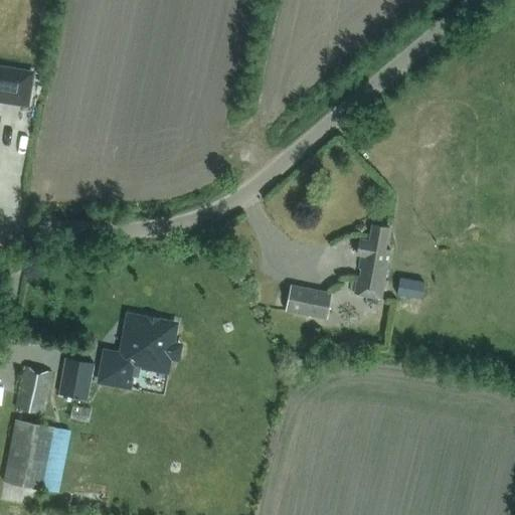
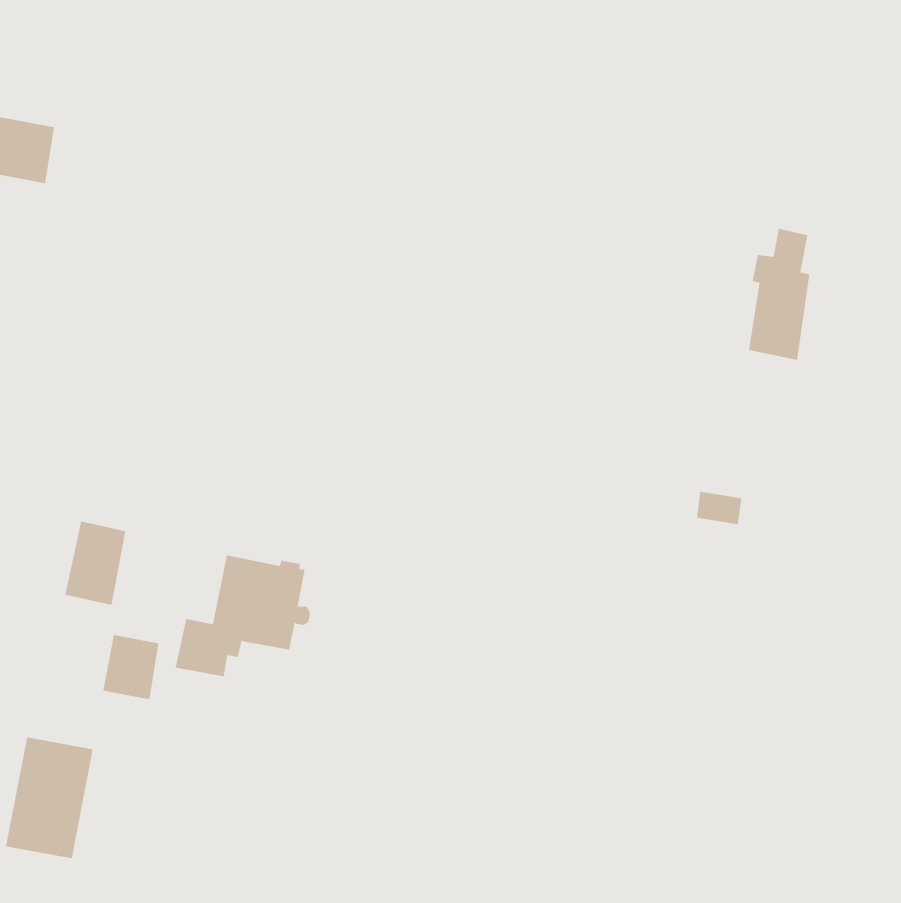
building: [353,223,388,299] -> [748,228,810,361]
building: [284,284,332,319] -> none
building: [15,366,50,414] -> [64,521,126,606]

